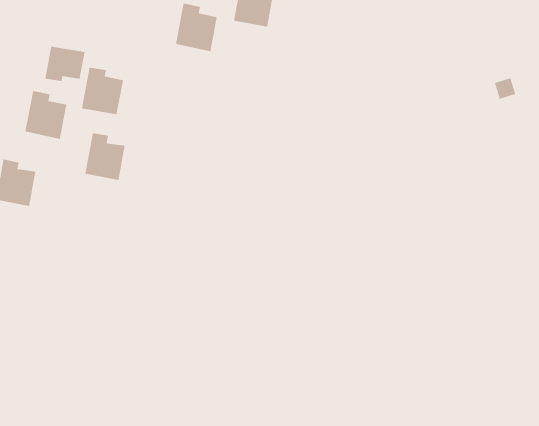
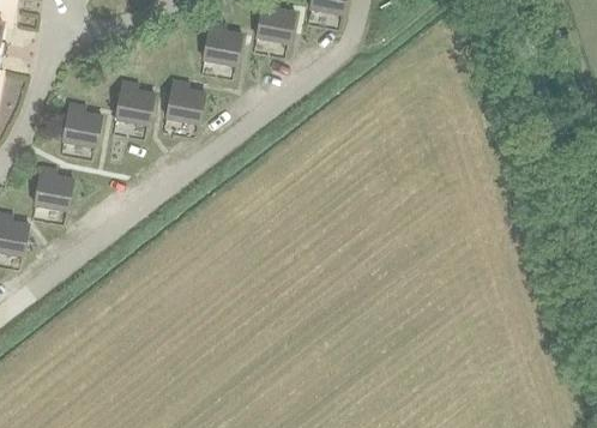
building: [45,46,85,82] -> none
building: [84,133,126,180] -> [167,79,205,123]

